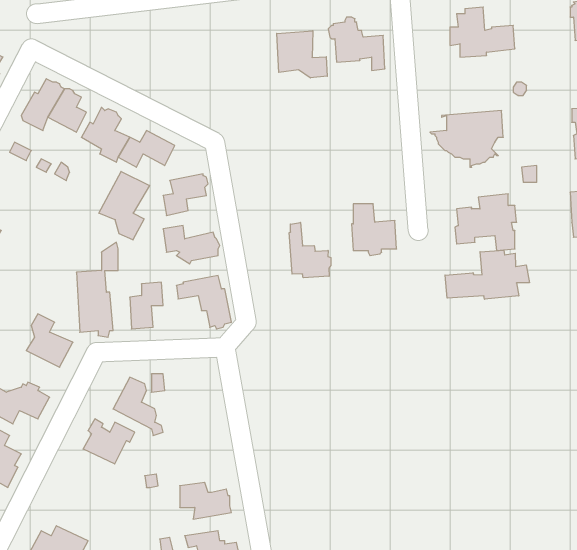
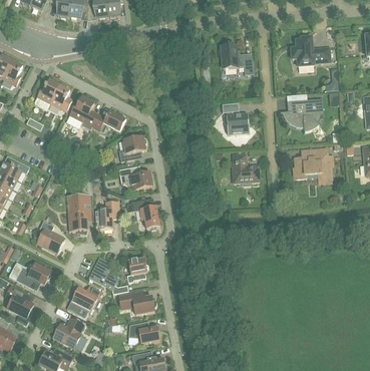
building: [277,31,327,78] -> none
building: none -> [221,101,249,133]
building: [99,171,150,240] -> none
building: [289,222,331,278] -> none
building: [445,250,529,299] -> none
building: none -> [126,257,147,282]
building: none -> [118,290,155,313]
building: none -> [52,316,83,347]

